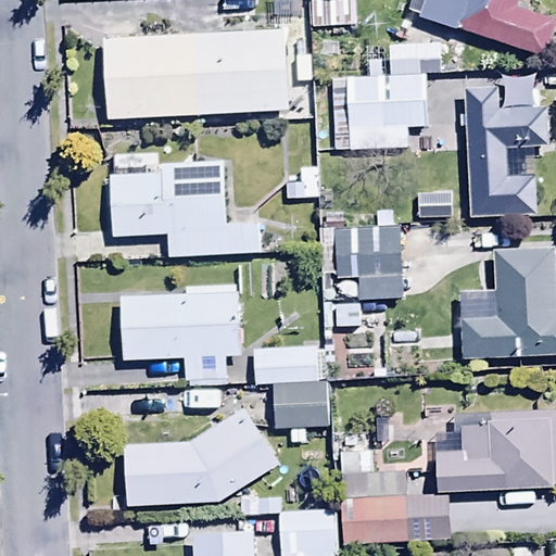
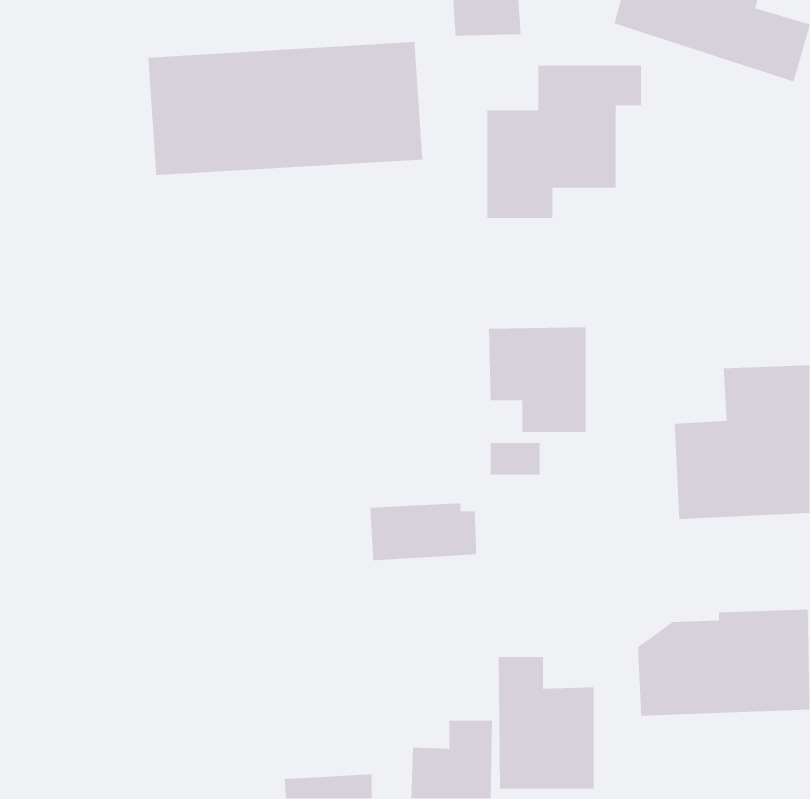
building: [464,86,551,215] -> none
building: [111,162,258,256] -> none
building: [123,283,242,381] -> none
building: [274,380,329,428] -> none
building: [124,405,278,505] -> none

